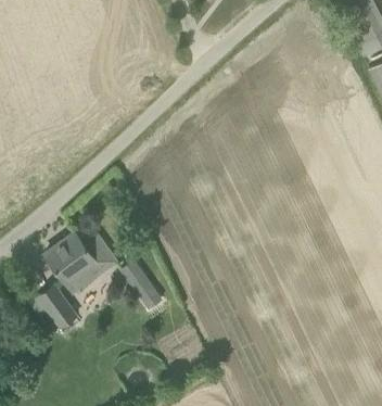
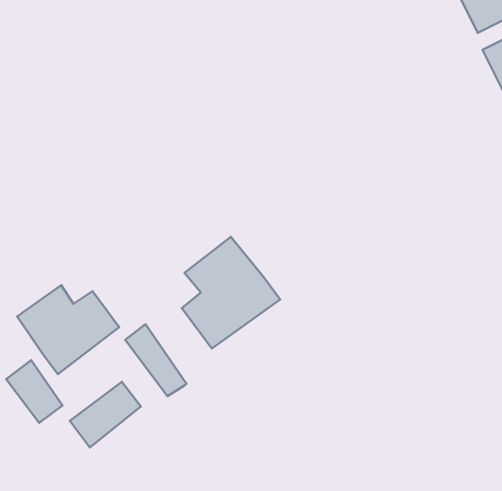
building: none -> [182,237,280,348]
building: none -> [70,382,141,448]

